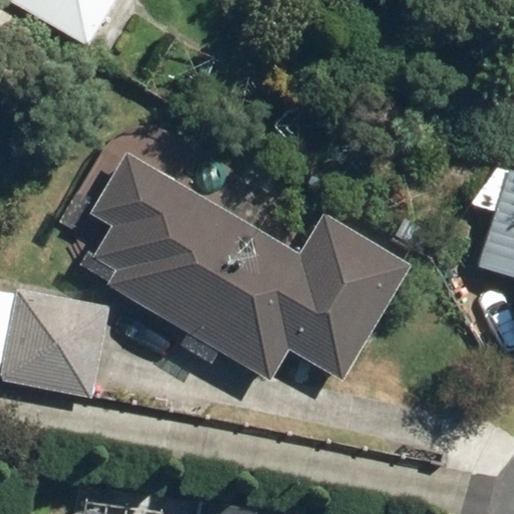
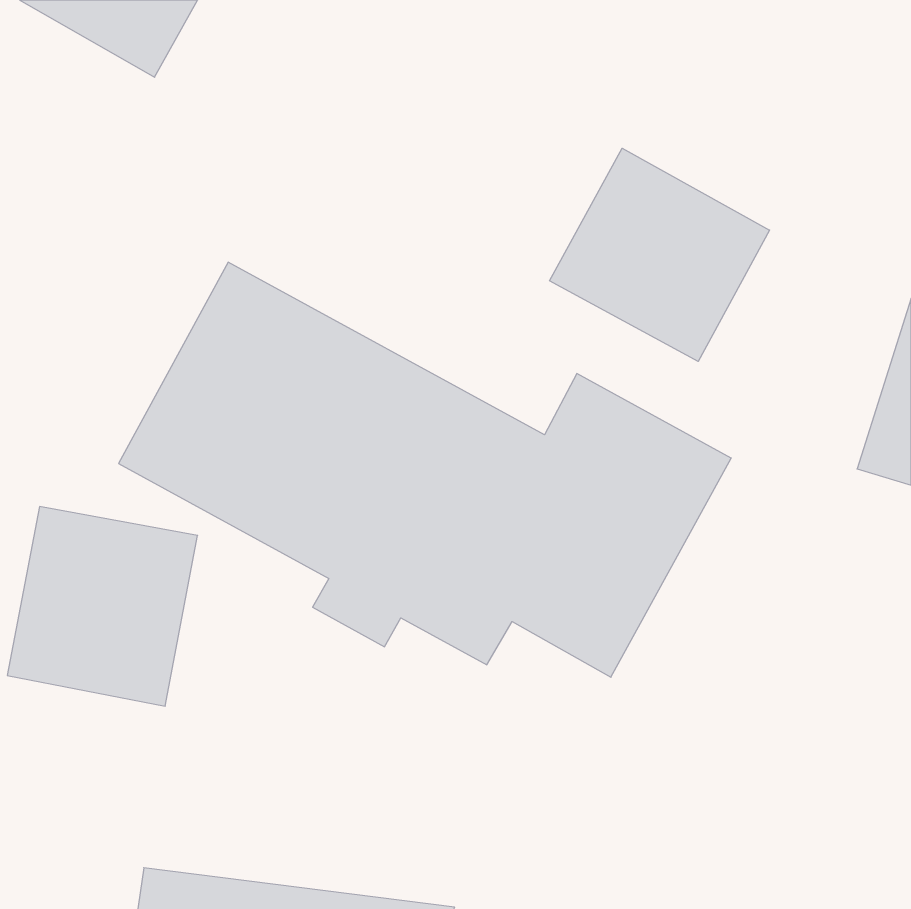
building: none -> [550,148,770,361]

